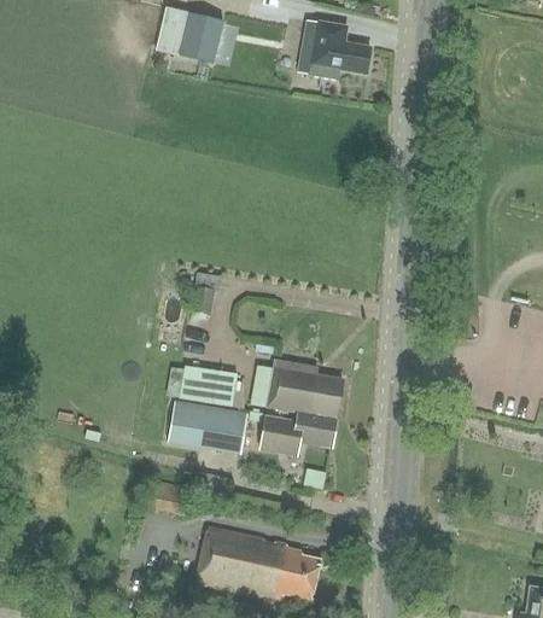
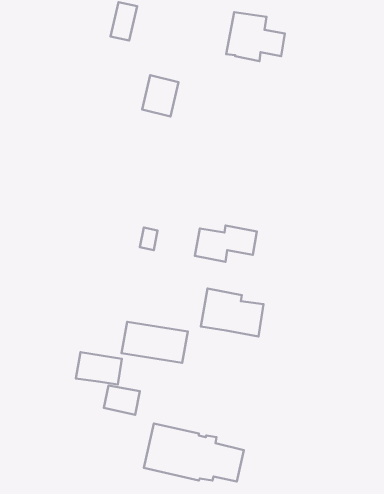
building: [179,12,223,63] -> [142,75,178,116]
building: [180,366,237,406] -> [76,352,122,384]
building: [261,412,337,456] -> [195,226,257,262]

